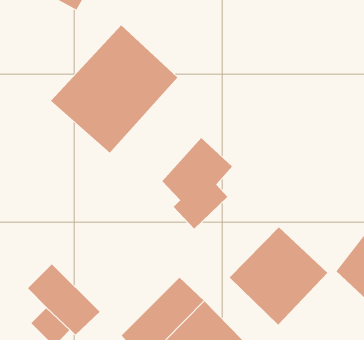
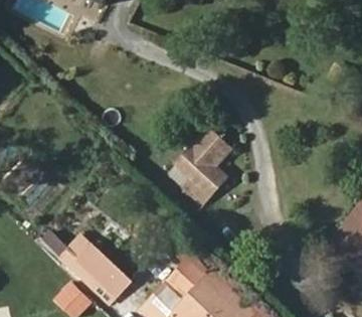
building: [50,24,178,153] -> none
building: [229,227,328,326] -> none

